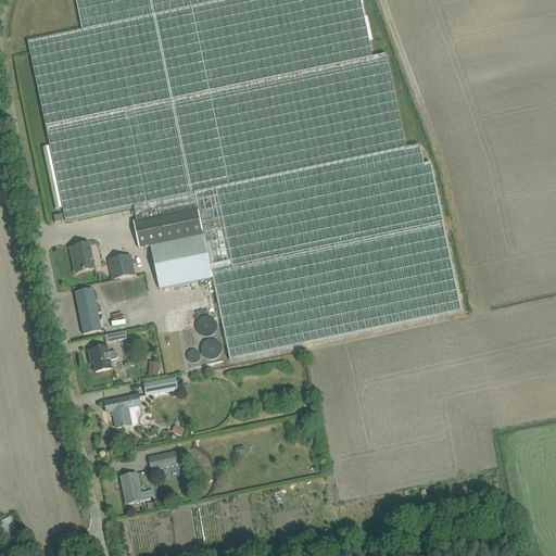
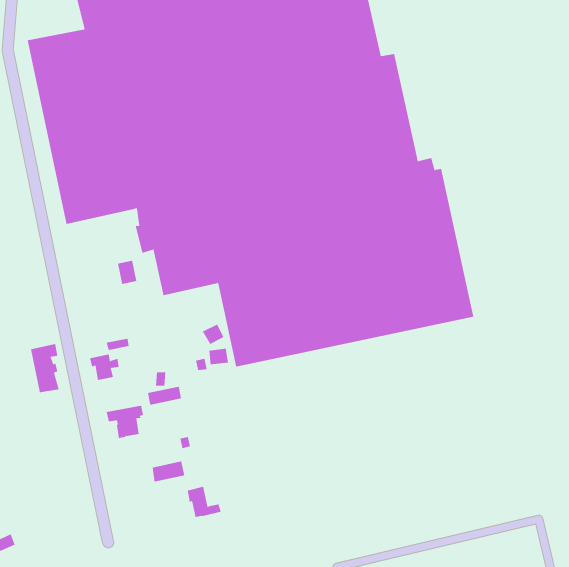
building: [68,242,93,270] -> none
building: [74,285,102,332] -> [30,344,59,393]
building: [119,471,153,502] -> [187,486,222,517]

